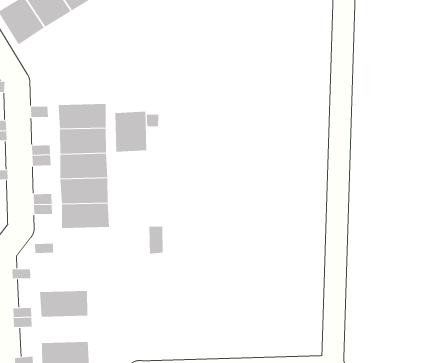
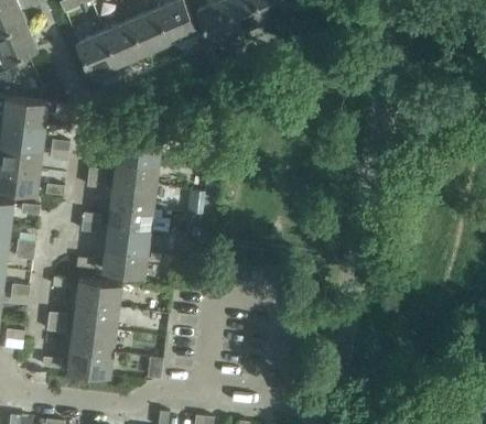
building: [115,111,147,152] -> none
building: none -> [101,248,148,276]
building: none -> [75,280,121,307]
building: none -> [69,325,116,354]

